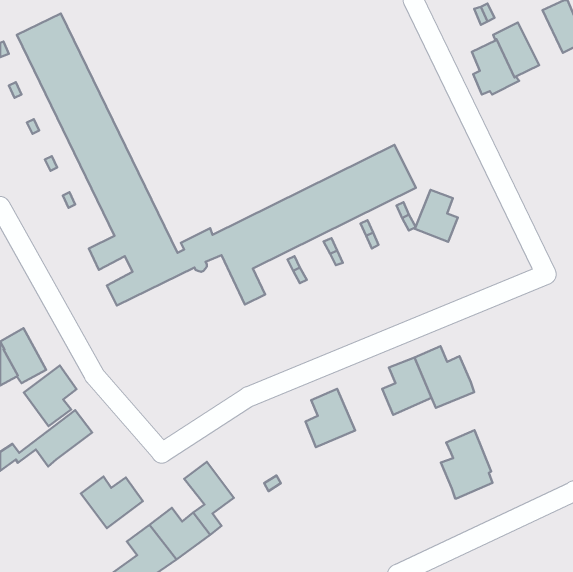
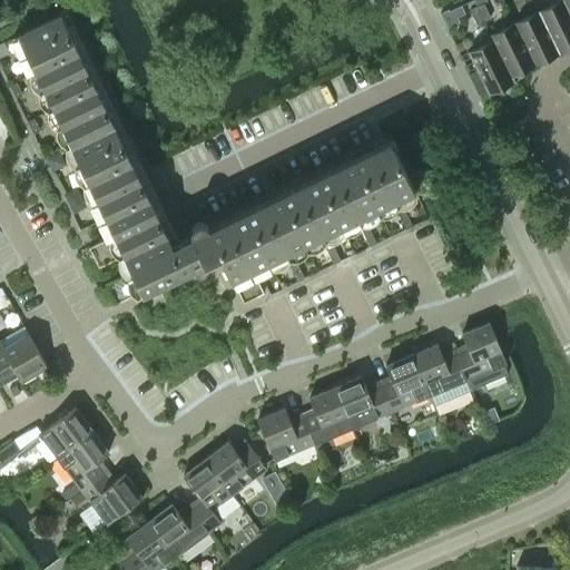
building: none -> [514,12,559,67]
building: [415,190,458,242] -> none
building: [24,366,77,426] -> [57,431,109,491]
building: none -> [335,377,391,429]
building: none -> [258,410,314,461]
building: [441,430,492,499] -> [456,323,508,391]
building: none -> [206,443,266,495]

